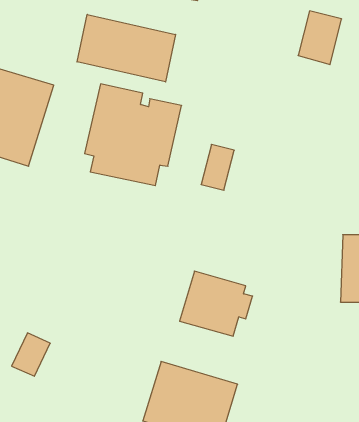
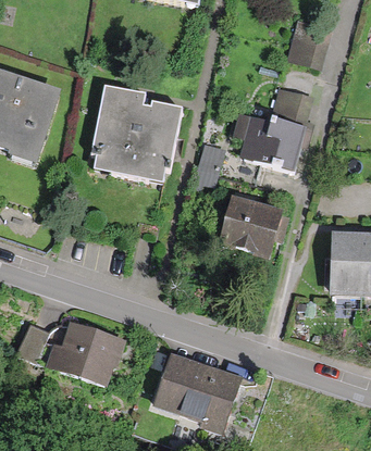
building: [77,14,176,82] -> none
building: none -> [233,89,314,173]
building: [180,271,253,336] -> [219,193,288,255]
building: none -> [50,320,124,381]

